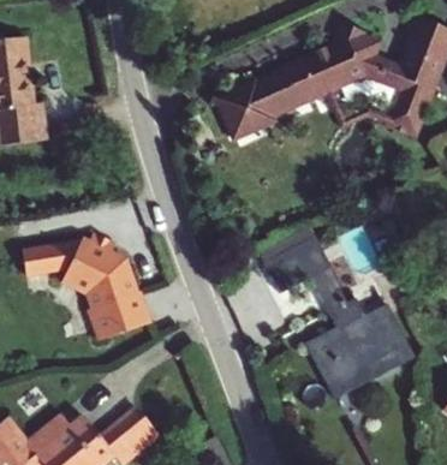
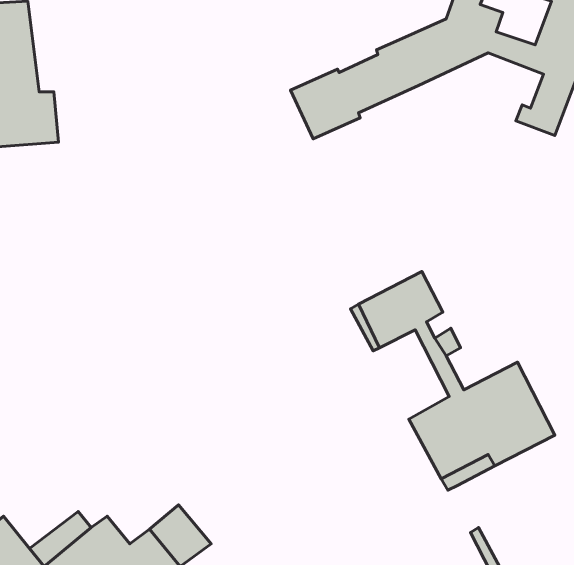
building: [25,229,151,338] -> none

